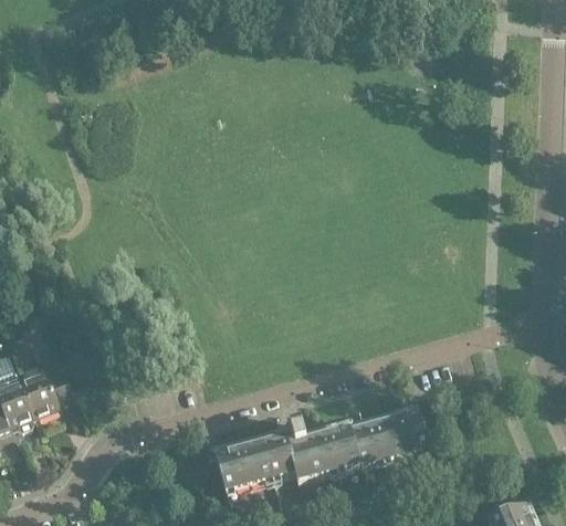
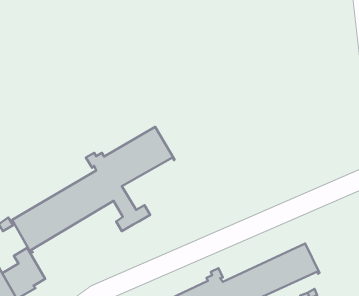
building: none -> [12,127,175,253]

